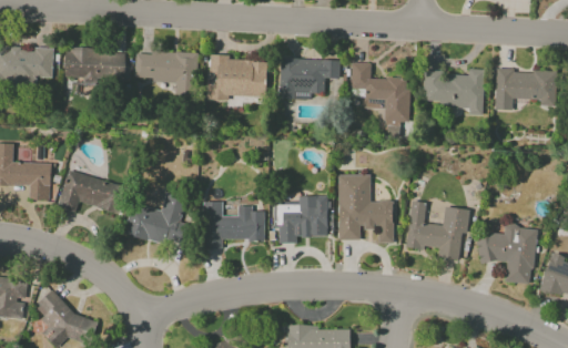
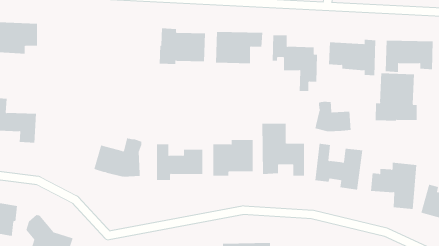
building: [64,49,124,80] -> none
building: [134,50,195,95] -> none
building: none -> [375,73,417,121]
building: none -> [315,101,351,132]
building: [58,170,124,212] -> none

